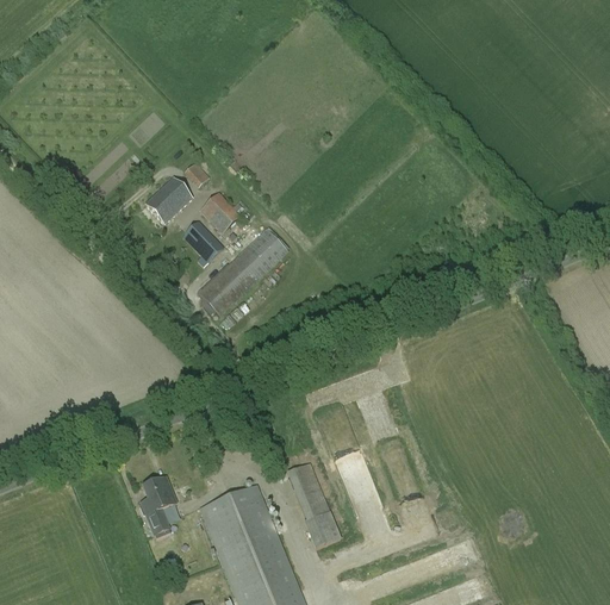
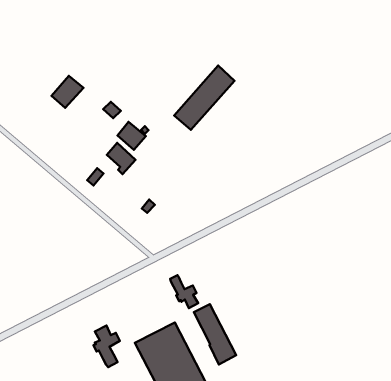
building: [145,179,192,224] -> [52,76,83,108]
building: [198,227,288,316] -> [174,65,235,130]
building: none -> [170,275,198,308]

